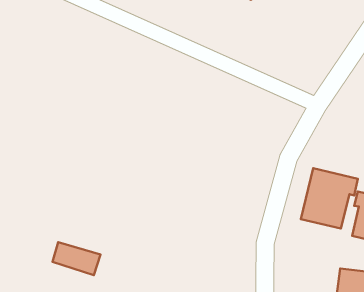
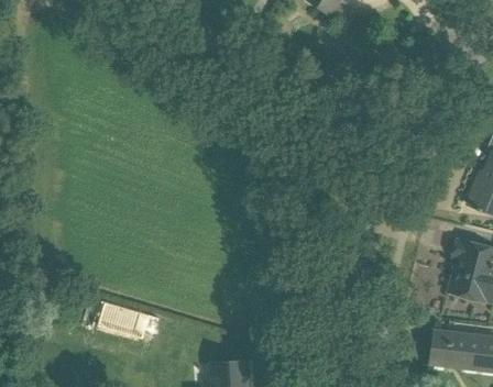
building: [301,168,358,228] -> none

